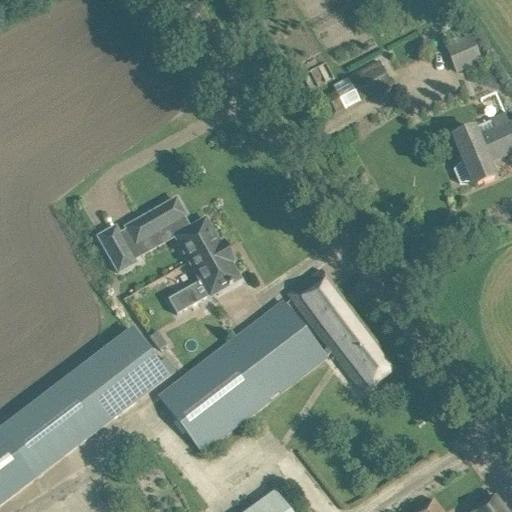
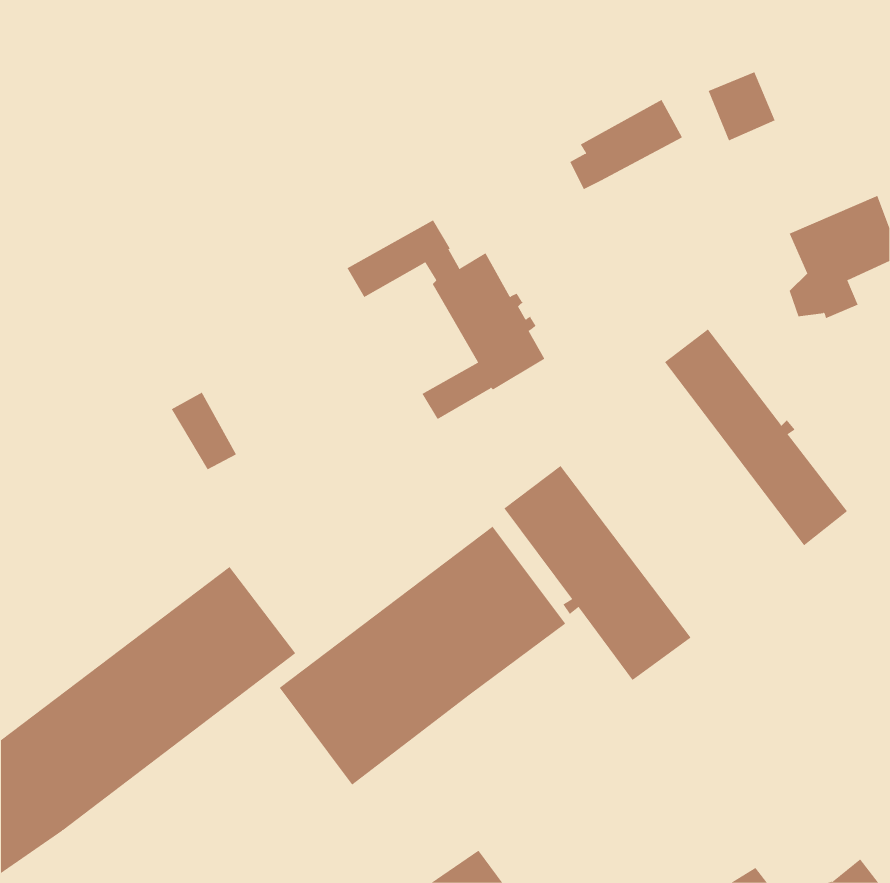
building: [444,32,483,72] -> [708,72,776,141]
building: none -> [664,329,848,546]
building: [126,197,240,312] -> [347,220,545,420]

